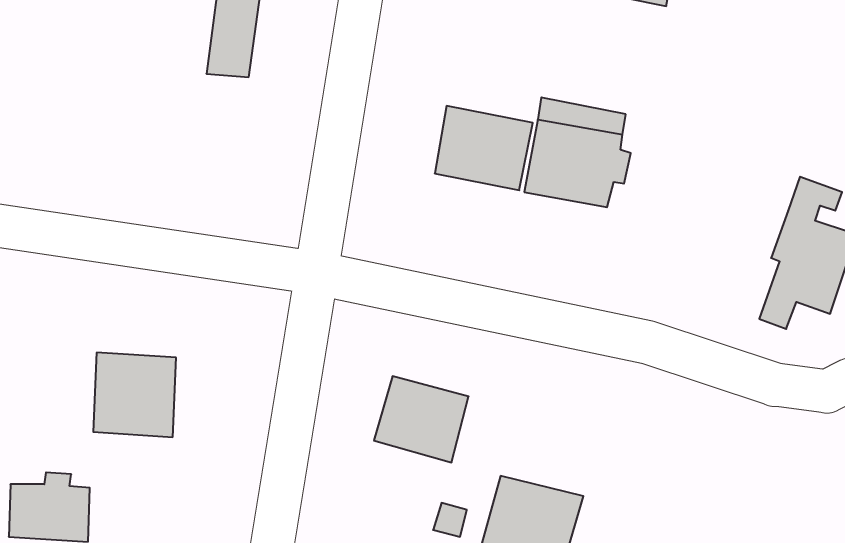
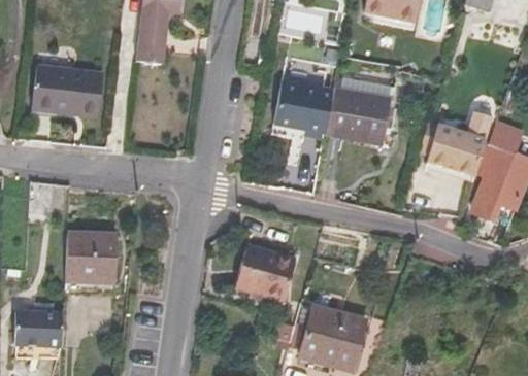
building: none -> [34,67,103,116]
building: none -> [429,115,492,175]

